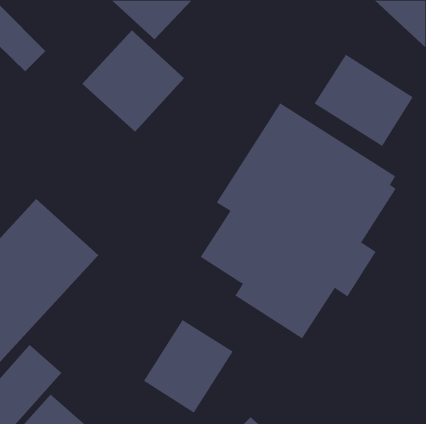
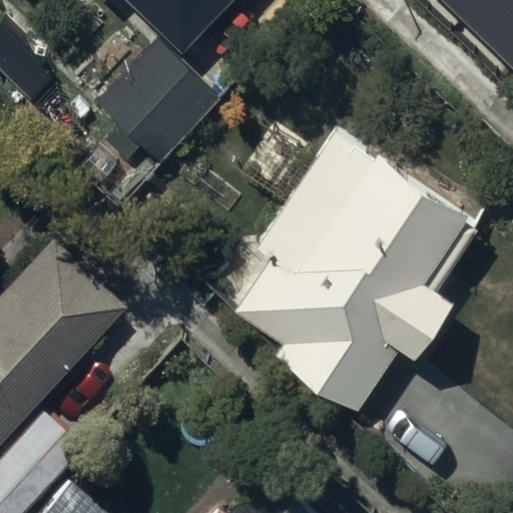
building: [314,54,414,147] -> none
building: [143,319,234,414] -> none

